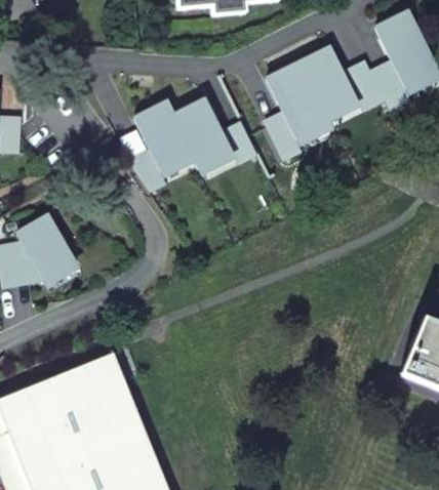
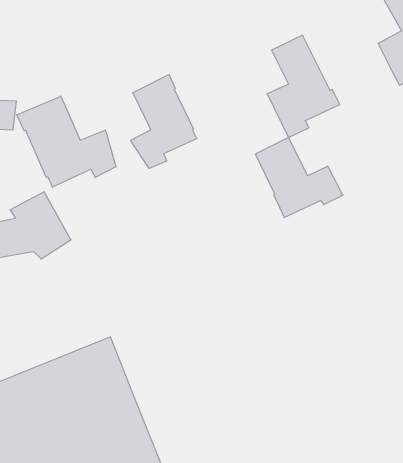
building: [296,46,384,122] -> none
building: [173,99,257,176] -> [255,137,343,217]
building: none -> [17,96,116,187]

